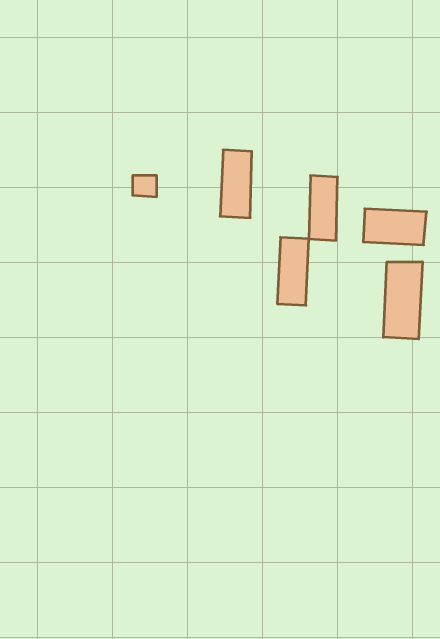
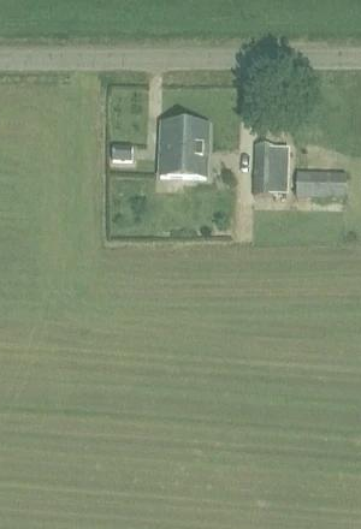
building: [277,237,309,305] -> [159,120,184,174]
building: [383,262,422,339] -> none

